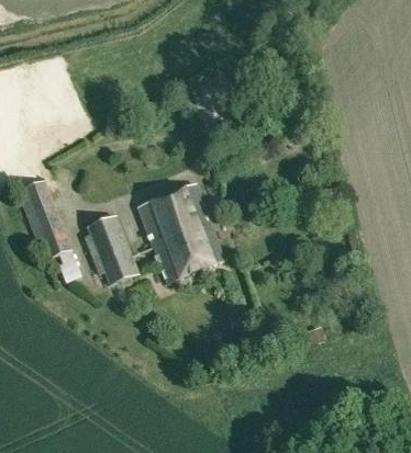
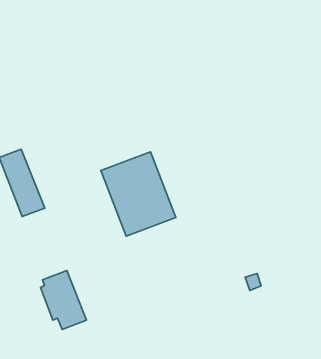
building: [84,212,137,281] -> [41,271,87,330]

